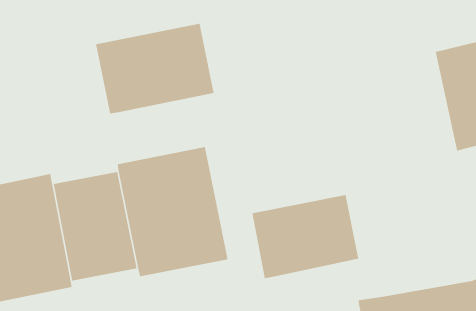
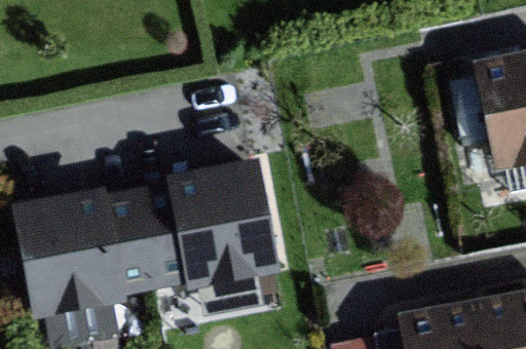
building: [95,23,214,114] -> none
building: [252,194,359,279] -> none

